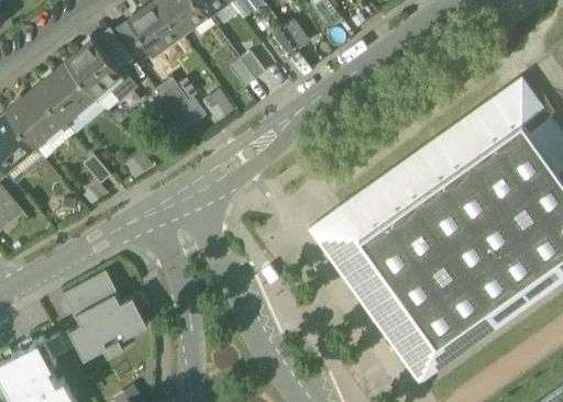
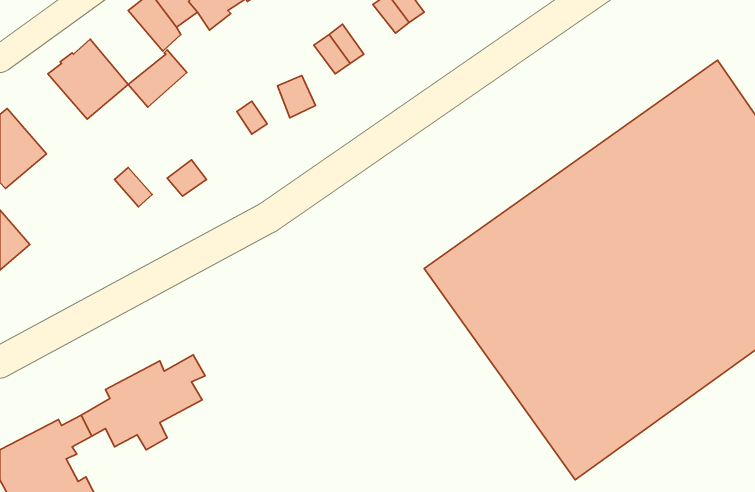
building: [67,41,122,96] -> none
building: [155,78,190,115] -> none
building: [7,88,65,146] -> none
building: [64,272,120,319] -> none

